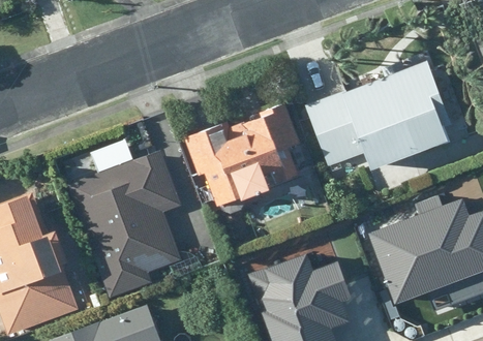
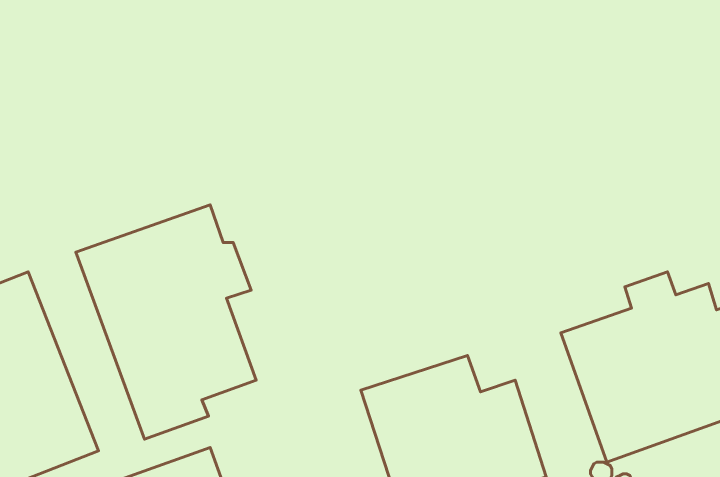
building: [310,58,461,171] -> none
building: [191,100,302,207] -> none

